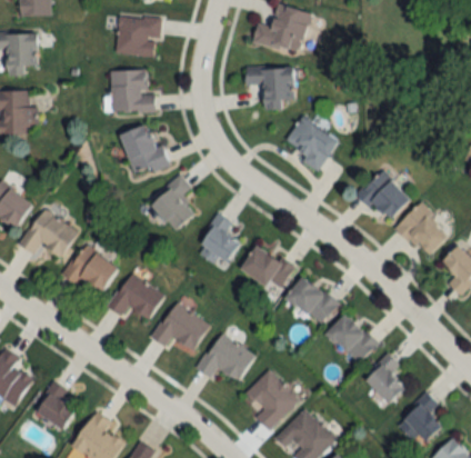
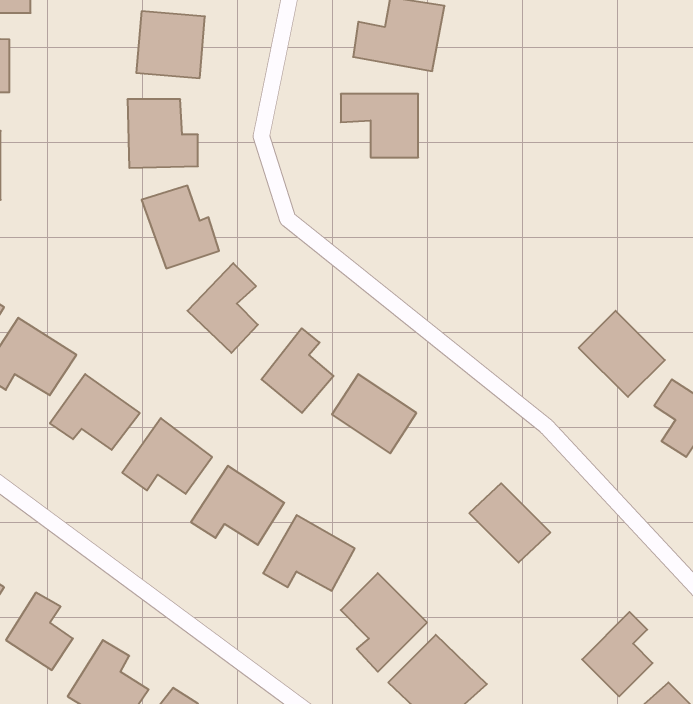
building: [282,116,337,168] -> none
building: [357,169,410,222] -> none
building: [284,275,337,325] -> none
building: [360,352,404,406] -> none

